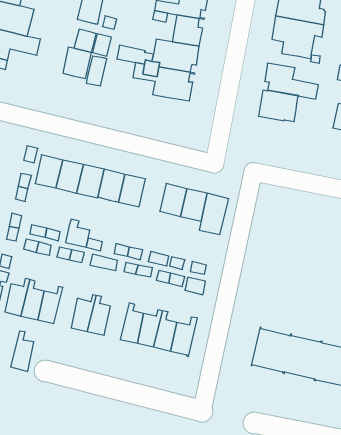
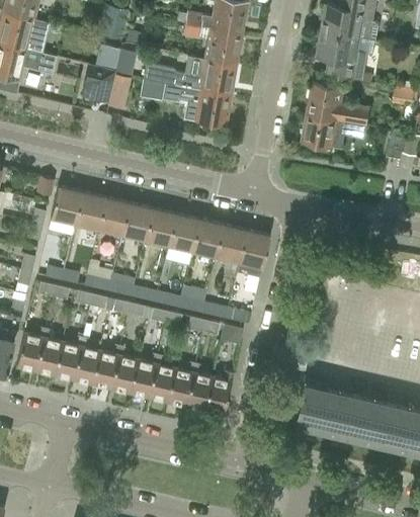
building: none -> [168,214,198,251]
building: none -> [129,353,157,396]
building: [11,331,34,371] -> [72,337,98,382]

